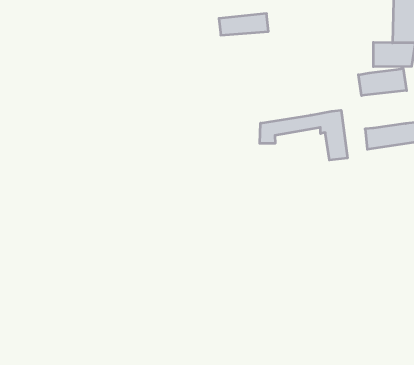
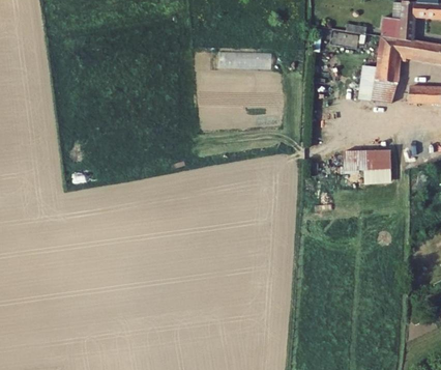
building: [358,68,407,96] -> none
building: [260,110,347,160] -> none

